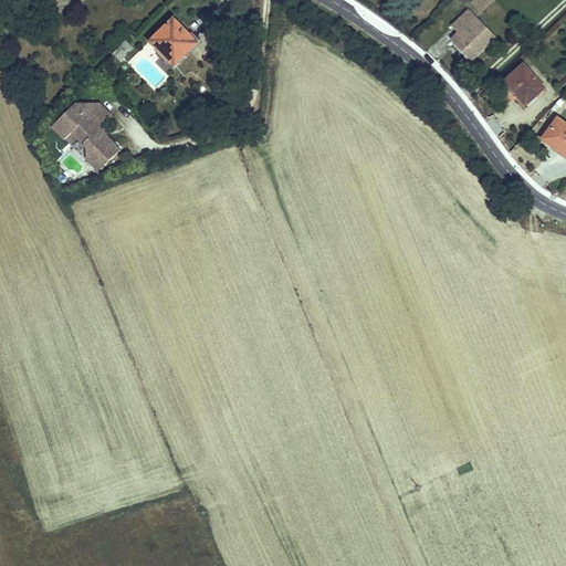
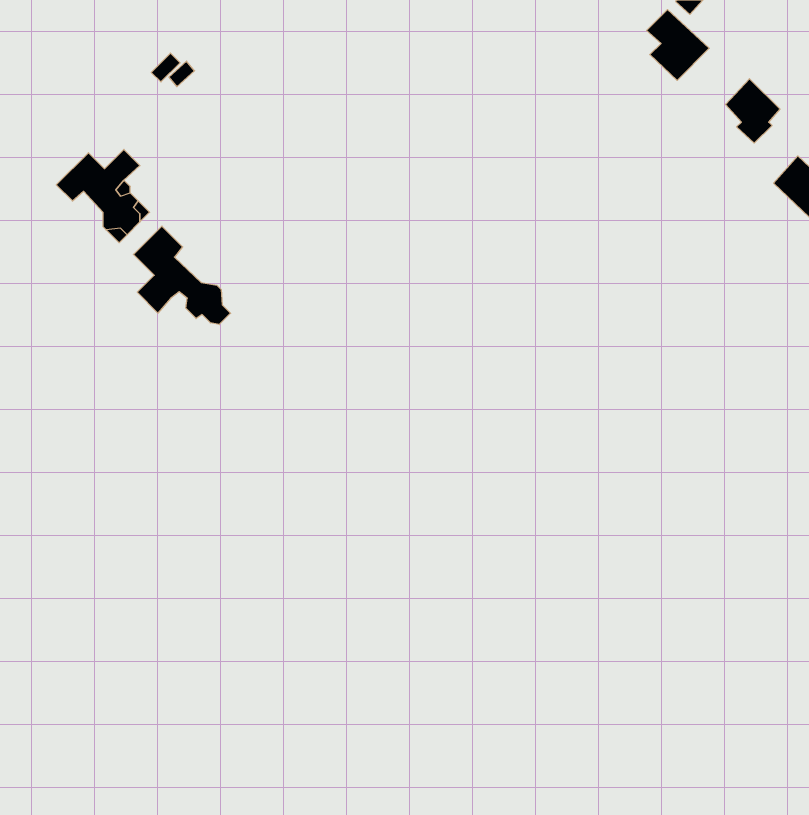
building: [147,17,197,66] -> none
building: none -> [133,226,231,325]

